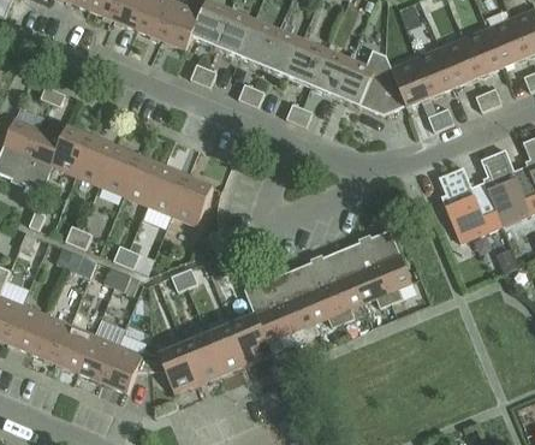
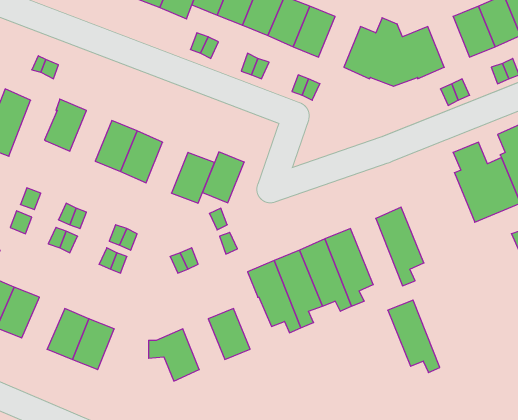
building: [311,48,351,96] -> none
building: [415,48,454,96] -> none
building: [18,127,64,191] -> none
building: [76,137,115,185] -> none
building: [148,167,188,215] -> [202,152,244,203]
building: [341,239,391,308] -> [388,300,440,373]
building: [30,314,71,363] -> none
building: [231,314,272,363] -> none
building: [183,334,222,382] -> none
building: [102,344,150,393] -> none

